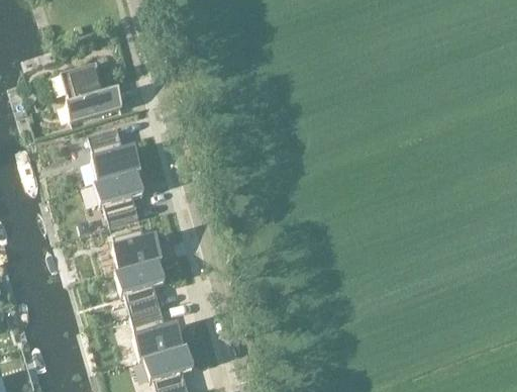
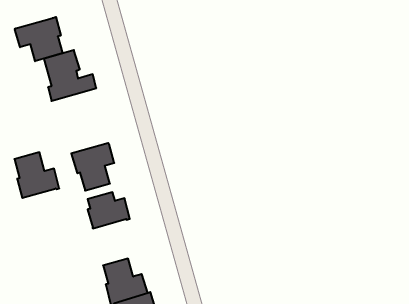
building: none -> [15,17,63,61]
building: [89,128,141,182] -> [14,152,59,198]
building: [115,260,166,314] -> none

